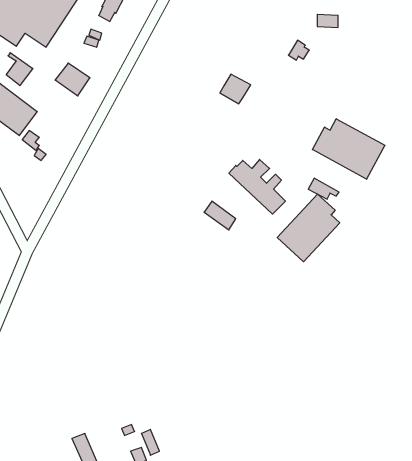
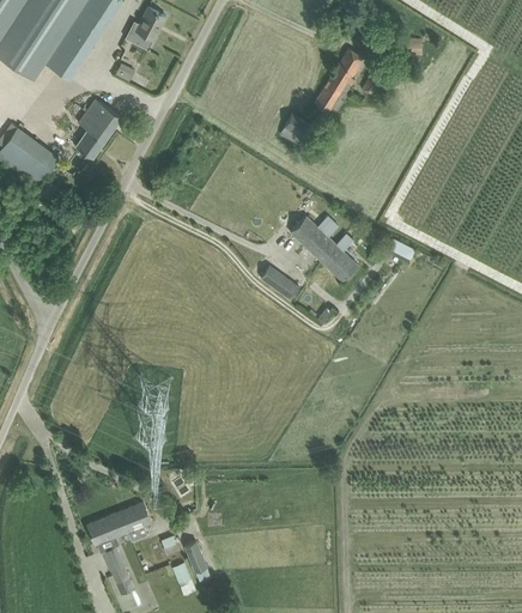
building: none -> [312,48,364,115]
building: [6,53,33,86] -> [74,120,107,159]
building: [312,119,385,179] -> none
building: [277,194,340,262] -> none
building: none -> [85,502,150,545]

